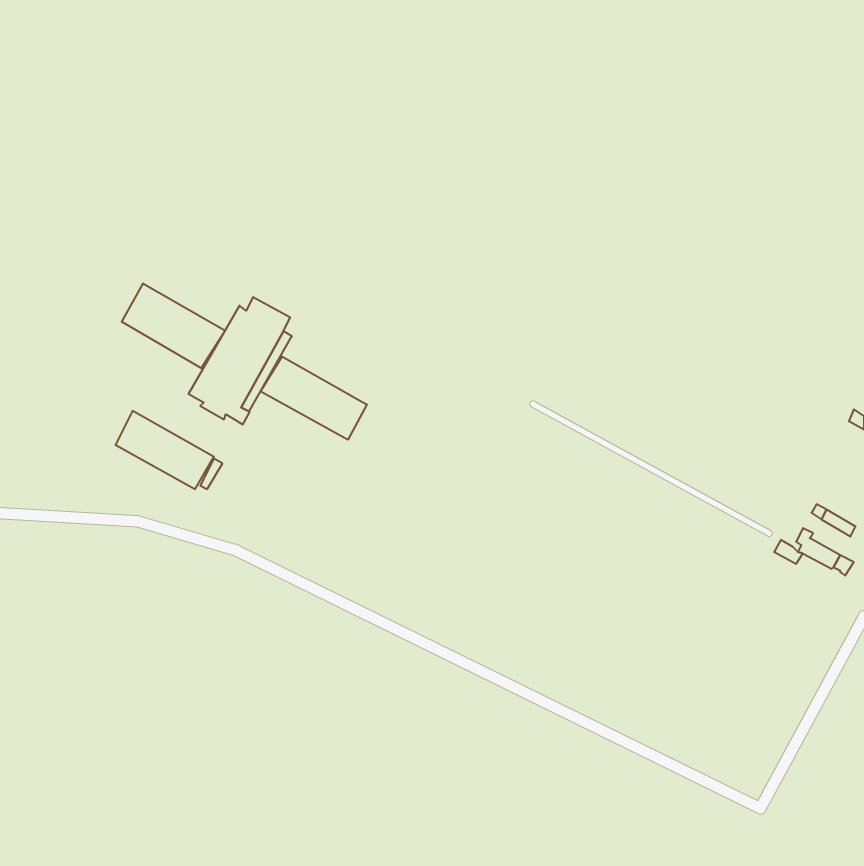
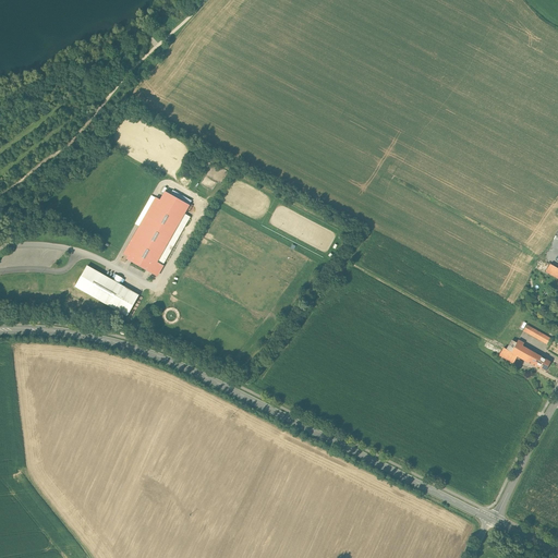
building: [122,283,225,368] -> none
building: [261,357,367,440] -> none

